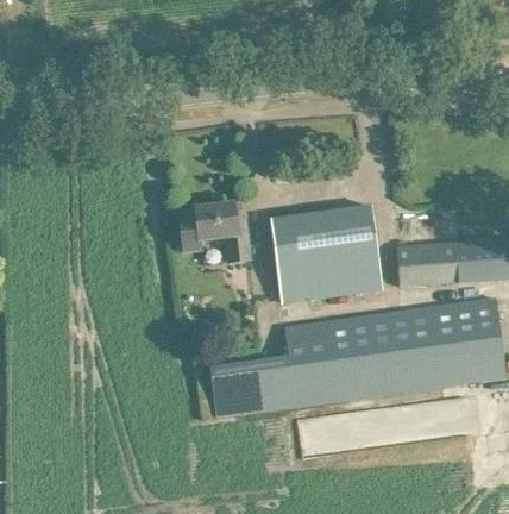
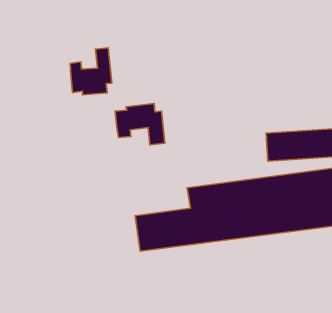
building: none -> [70,48,112,95]
building: [268,206,381,305] -> none

